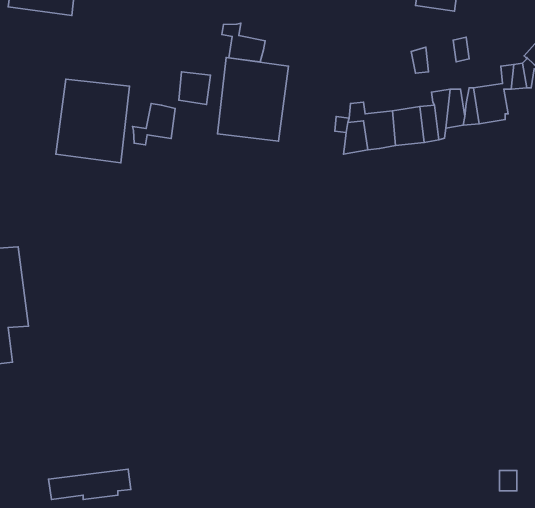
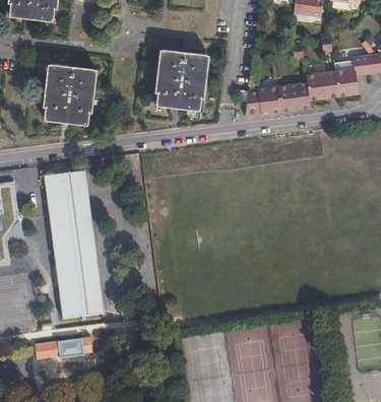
building: [222,23,265,62] -> none
building: [179,72,210,105] -> none
building: [132,104,175,145] -> none
building: none -> [46,172,105,320]

